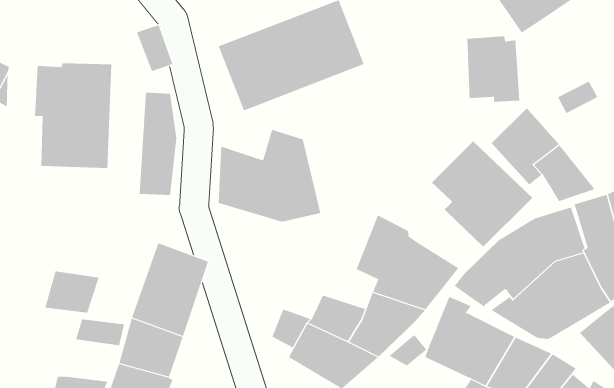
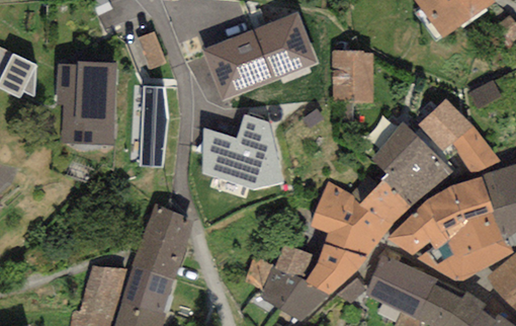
building: [466,36,520,102] -> [332,50,374,102]
building: none -> [360,180,412,225]
building: [45,271,99,313] -> [80,281,123,315]

